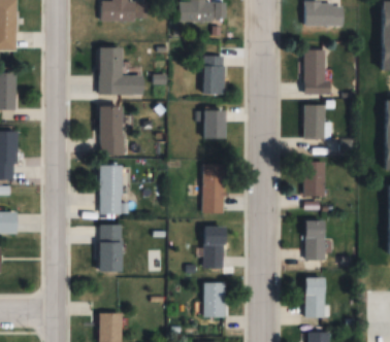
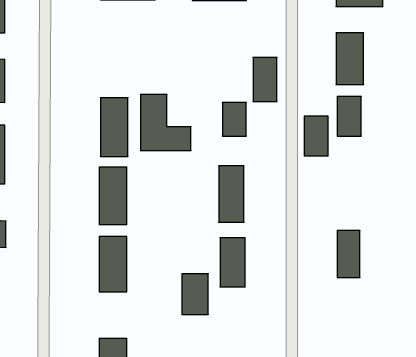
building: [100,47,143,96] -> [141,94,191,151]
building: [204,57,225,95] -> [253,57,277,102]
building: [303,162,324,196] -> [304,116,328,156]
building: [304,278,324,318] -> none
building: [203,283,226,318] -> [182,274,208,314]

